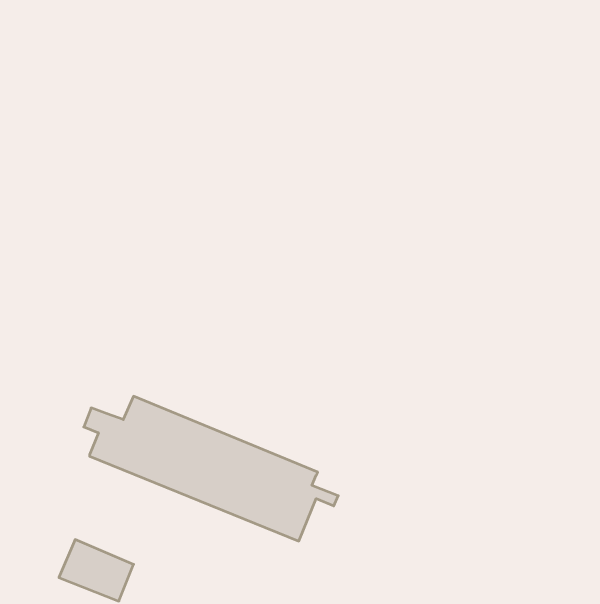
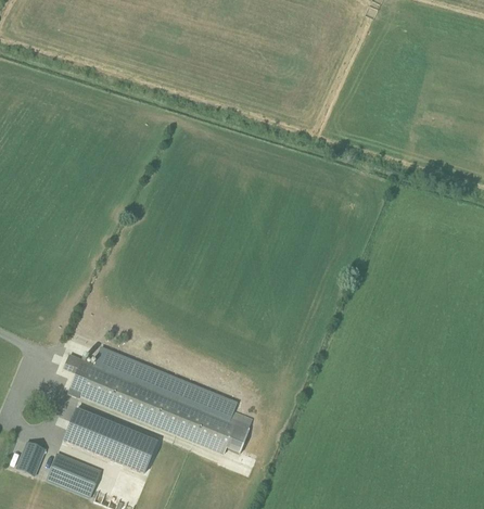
building: none -> [64,409,157,473]
building: none -> [16,442,47,476]

